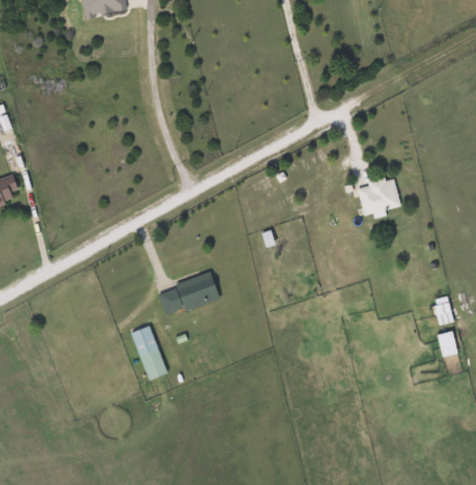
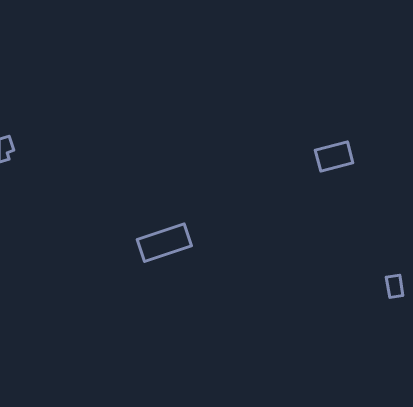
building: [432,295,453,324] -> none
building: [132,325,166,379] -> none

